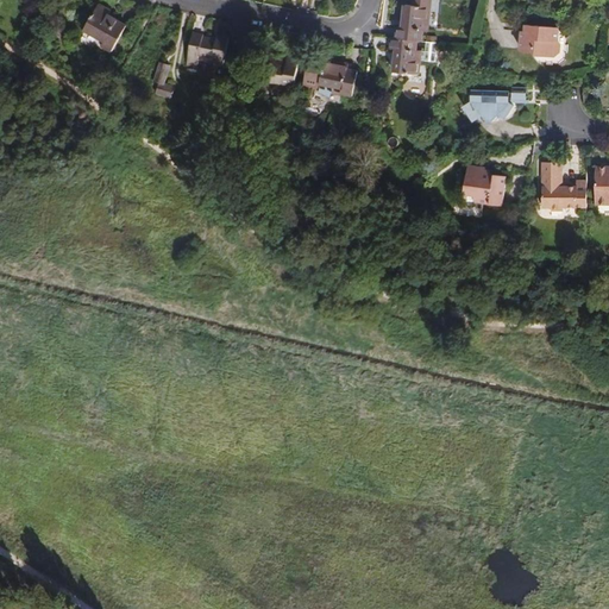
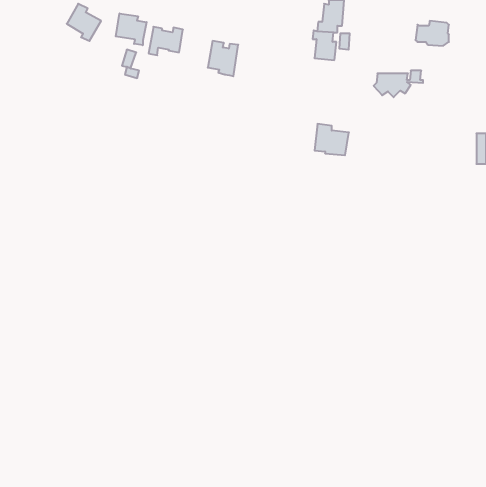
building: none -> [116,13,147,45]
building: [302,59,357,96] -> none
building: [541,162,585,208] -> none
building: [463,165,506,205] -> [315,124,349,155]

